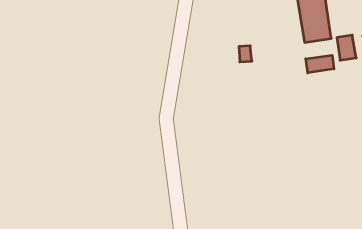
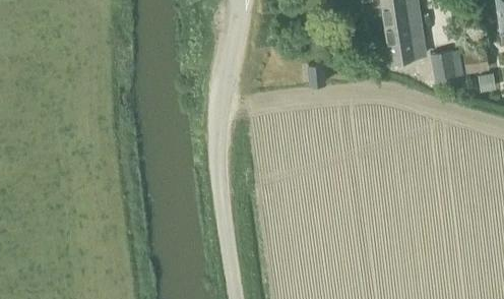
building: [306,55,334,73] -> none

